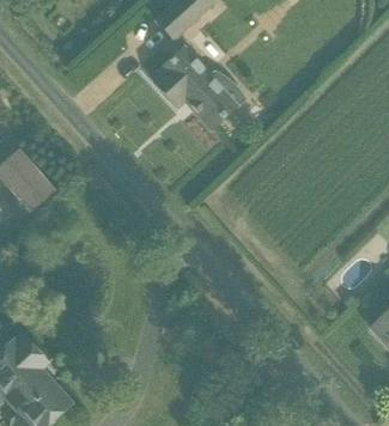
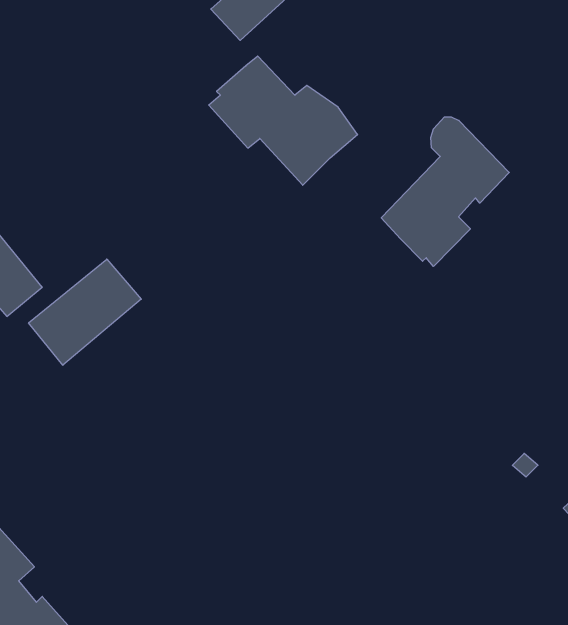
building: none -> [381,117,509,266]
building: none -> [29,259,141,365]

